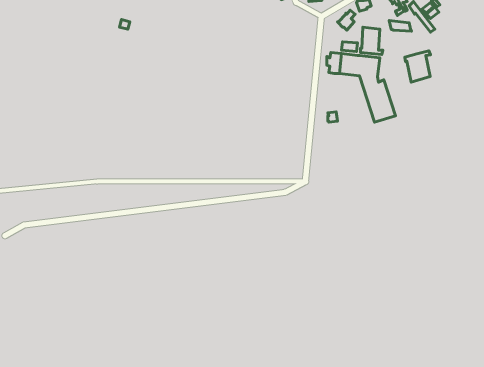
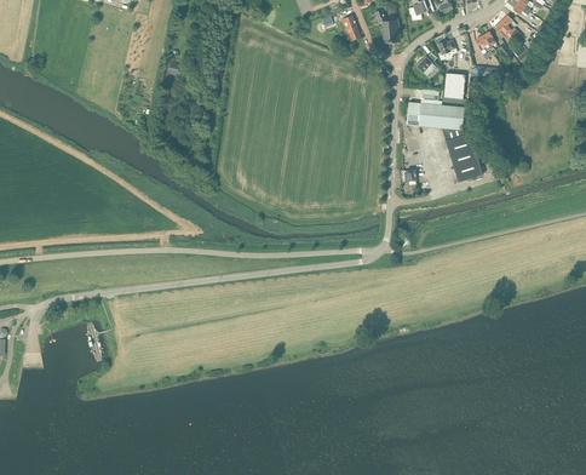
building: [405,51,431,82] -> none

